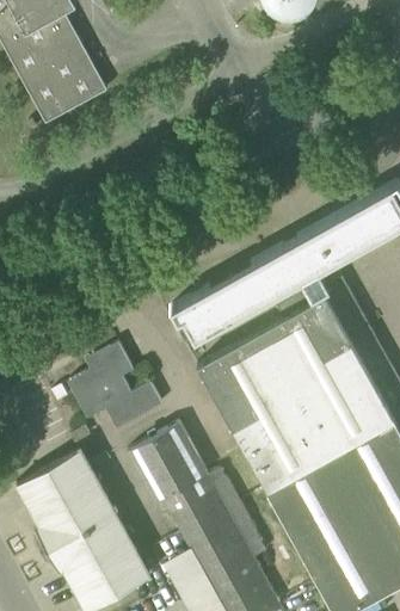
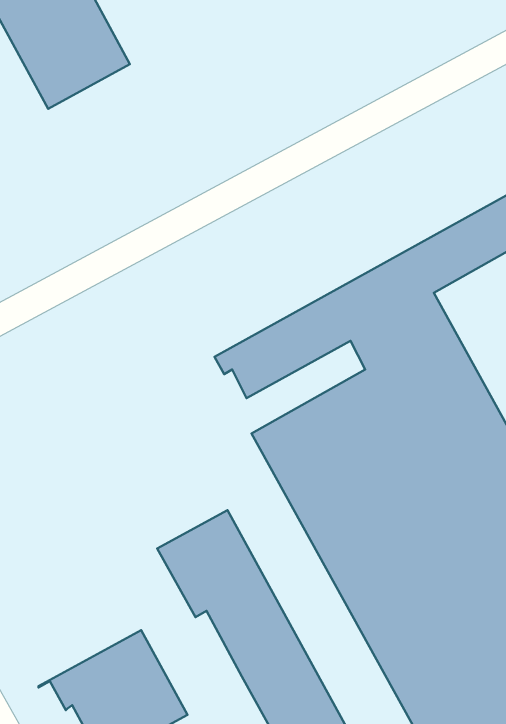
building: [68,344,162,431] -> none
building: [18,451,116,556] -> none

